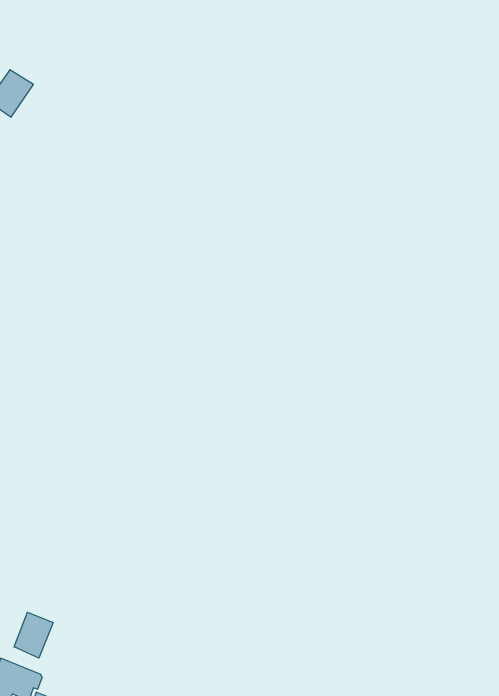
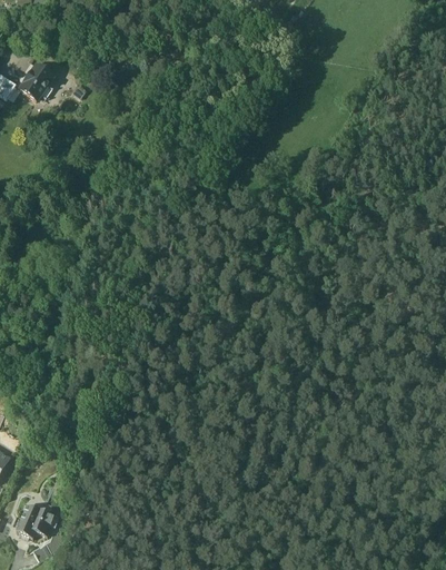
building: [14,612,53,658] -> none

